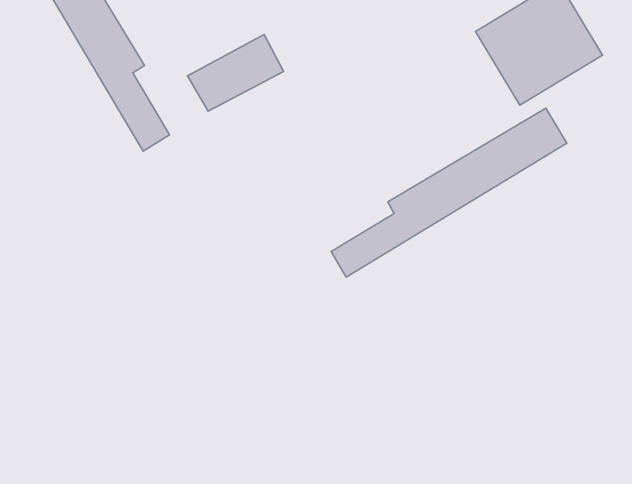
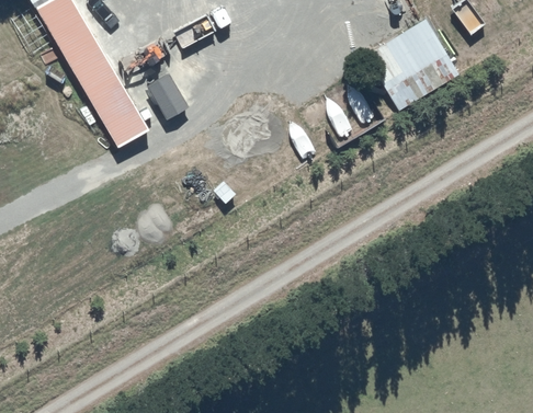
building: [331,108,567,277] -> none

